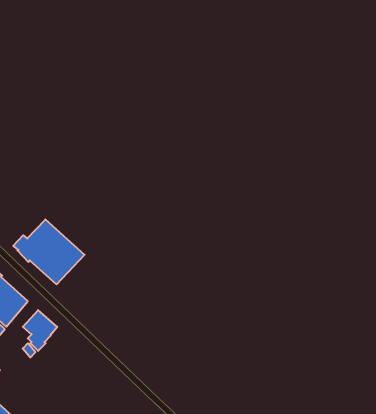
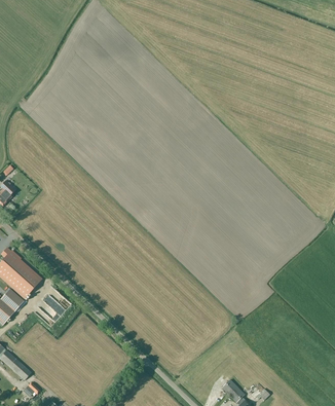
building: [13,219,85,284] -> none

